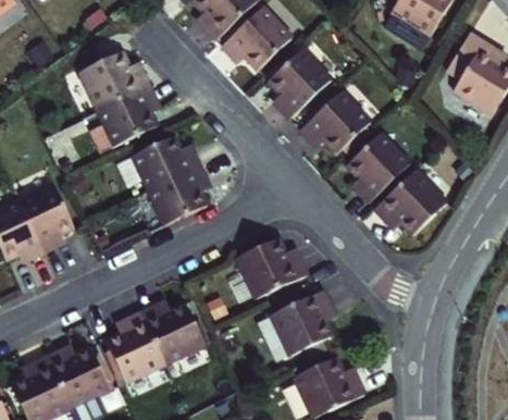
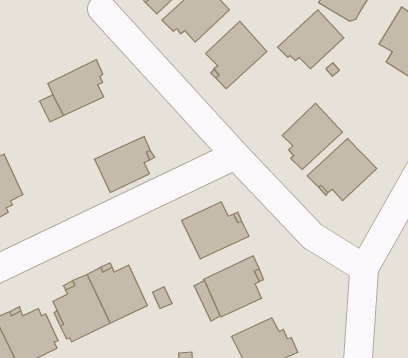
building: [82,53,151,112] -> none
building: [299,91,369,153] -> [277,10,344,69]
building: [120,139,201,192] -> none

